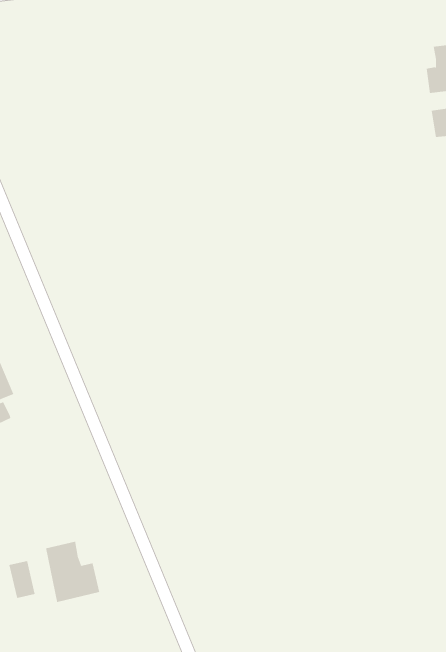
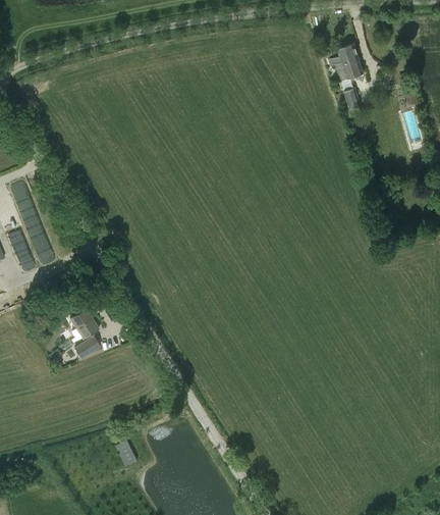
building: [46,541,100,603] -> none

